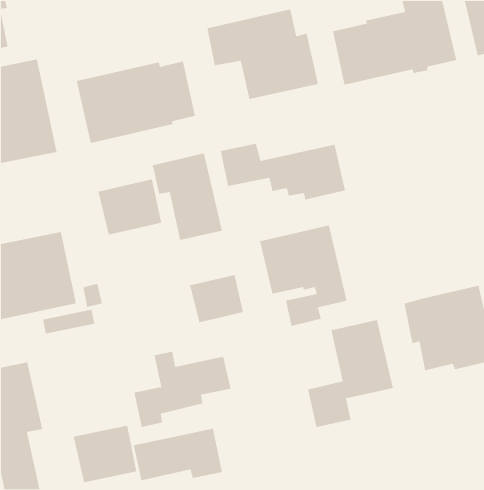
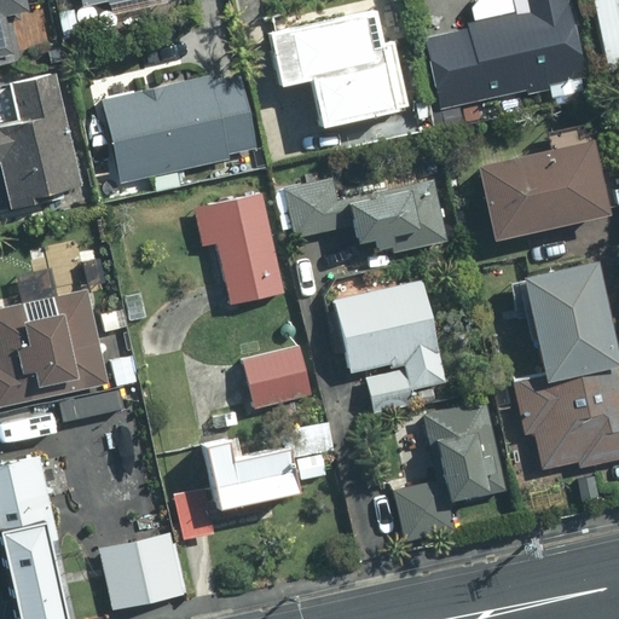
building: none -> [474,143,604,239]
building: [98,178,162,236] -> none
building: none -> [519,264,612,376]
building: [133,428,223,481] -> none

